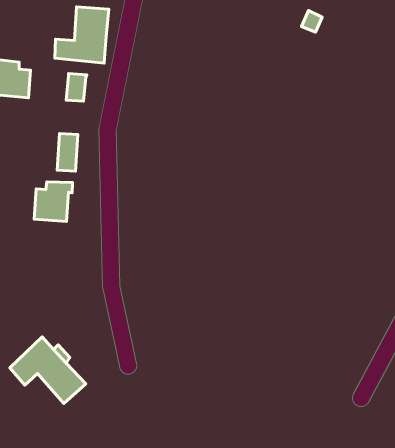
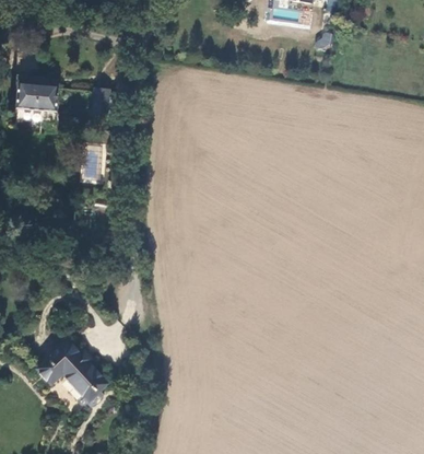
building: [55,7,109,63] -> none
building: [34,182,72,221] -> none

